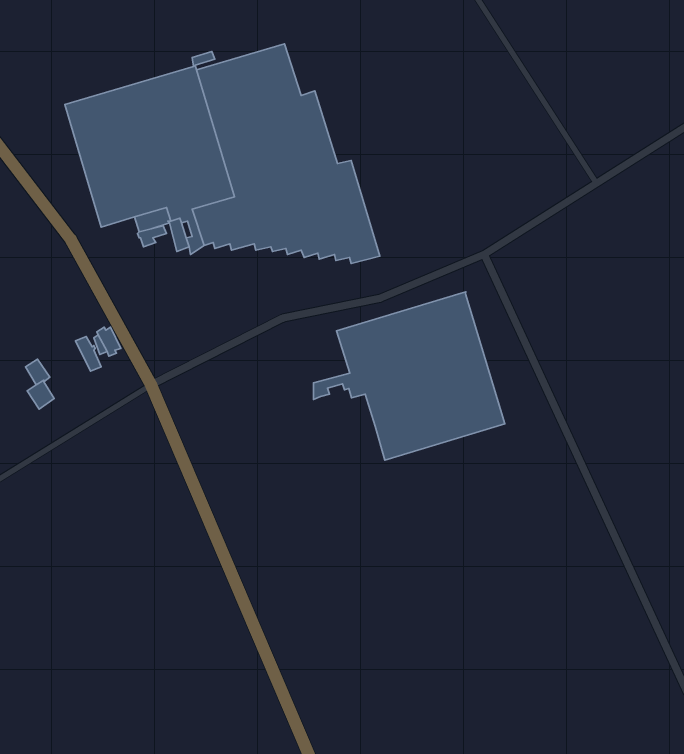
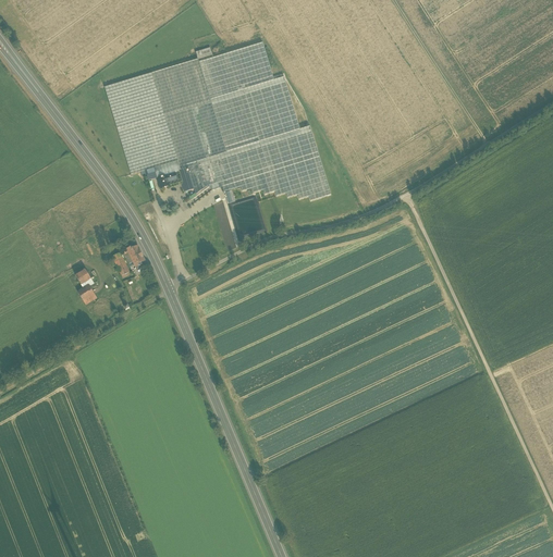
building: [313,292,505,460] -> none

